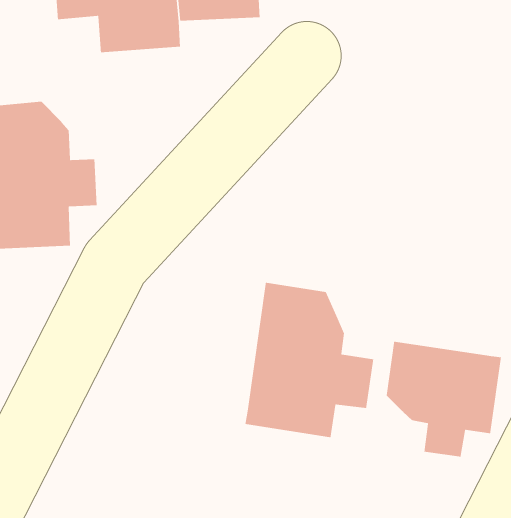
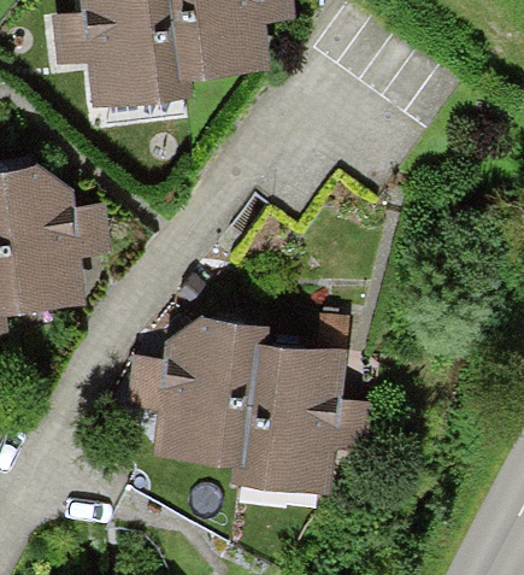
building: none -> [122,311,266,465]
building: [386,341,502,458] -> none

